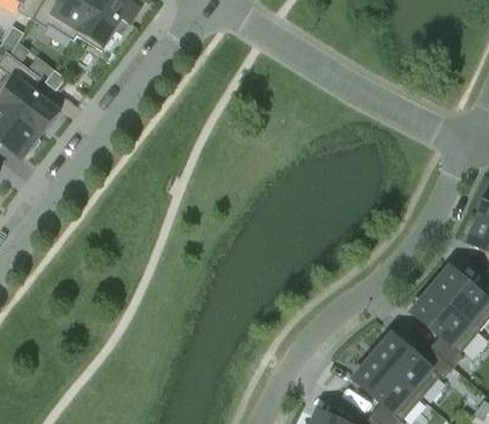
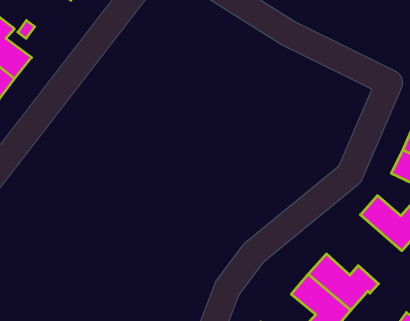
building: [411,288,478,366] -> none

